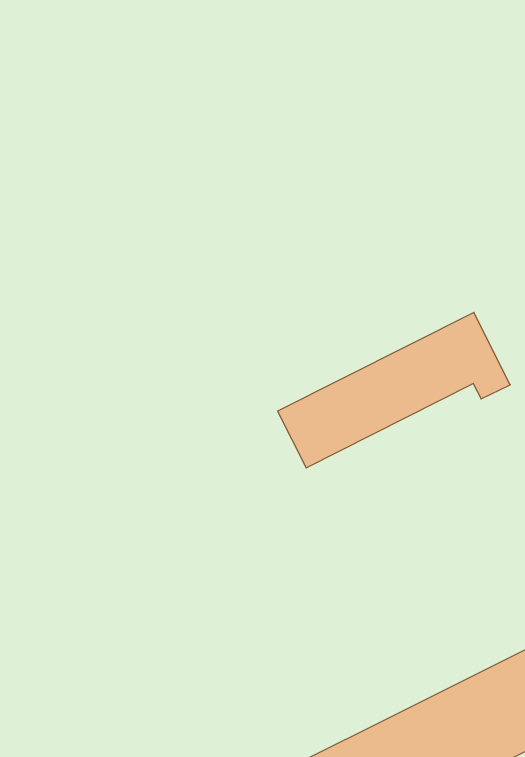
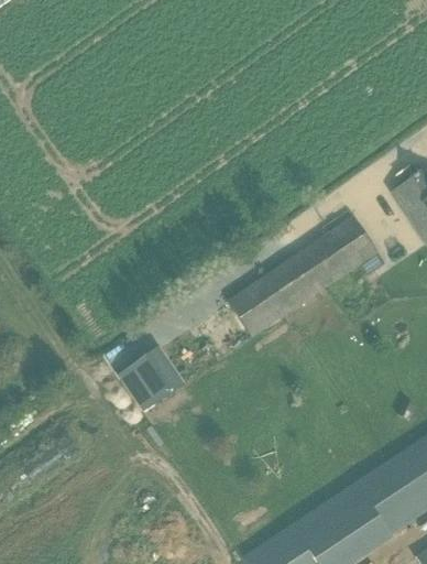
building: none -> [118,348,184,413]

